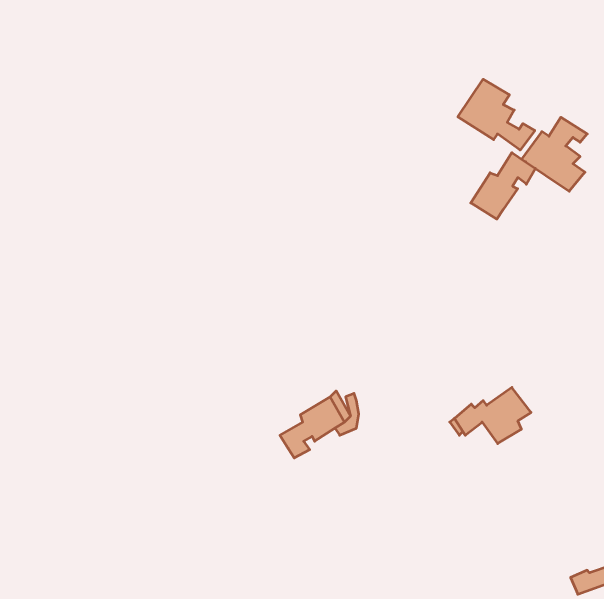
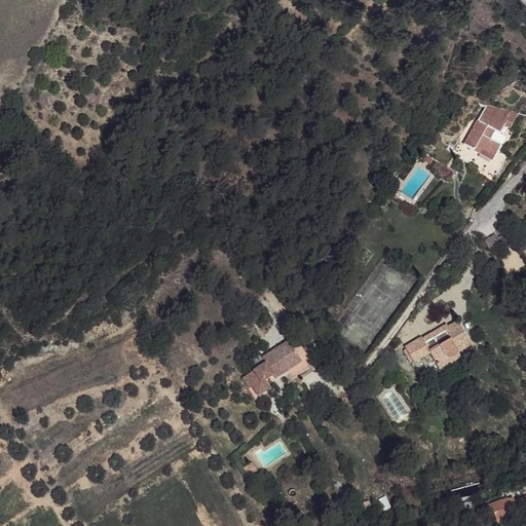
building: [458,79,535,150] -> none
building: [471,153,535,219] -> none

